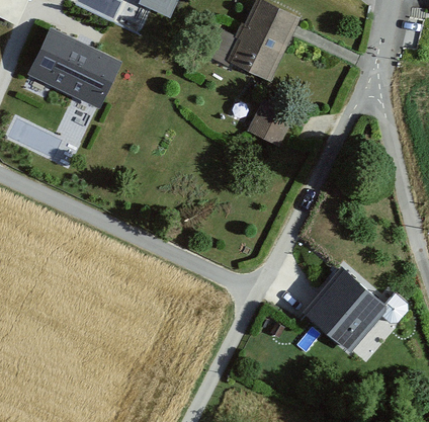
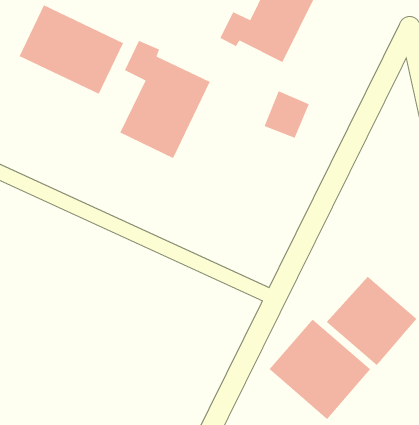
building: none -> [119,40,211,159]
building: none -> [268,318,371,420]

